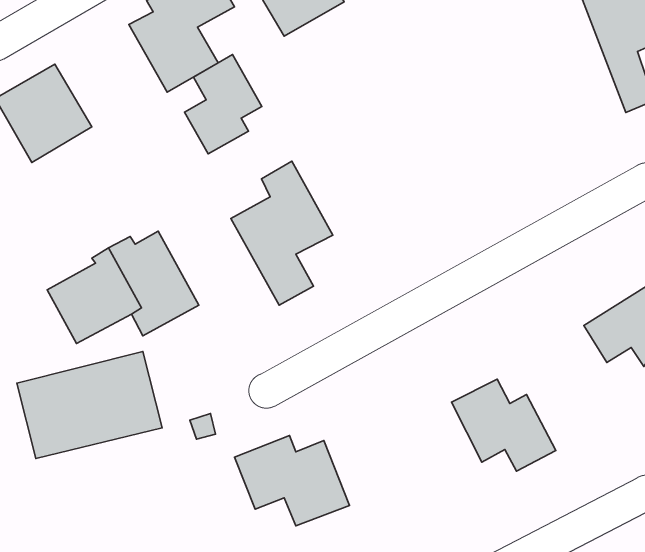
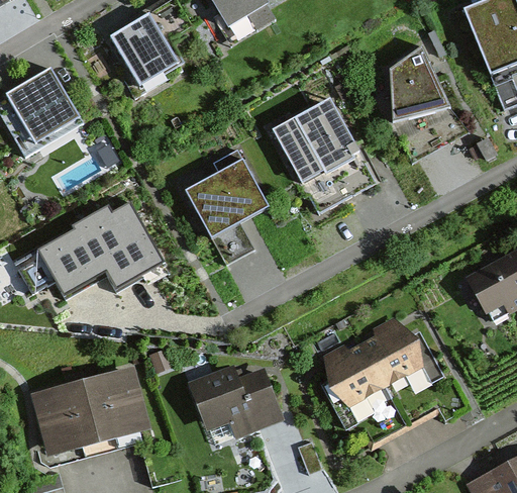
building: none -> [386,46,453,140]
building: [184,55,262,154] -> none
building: none -> [283,94,377,210]
building: [17,351,162,459] -> [32,366,147,451]
building: none -> [320,338,386,425]

